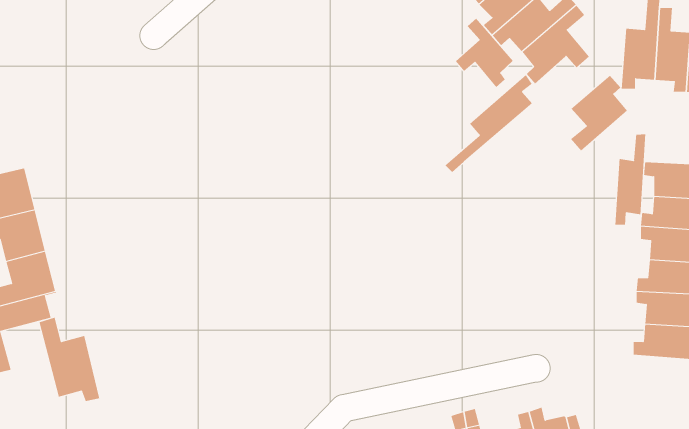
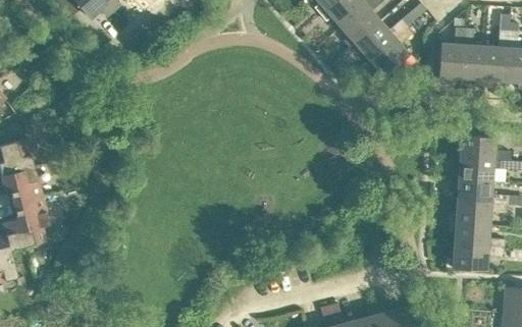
building: [455,18,514,88] -> none
building: [445,74,533,173] -> none
building: [570,75,628,151] -> none
building: [615,133,646,226] -> none
building: [39,317,100,402] -> none

